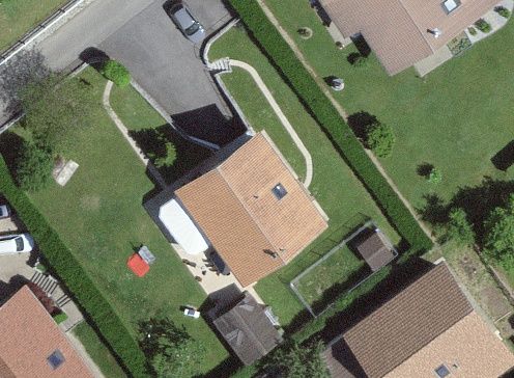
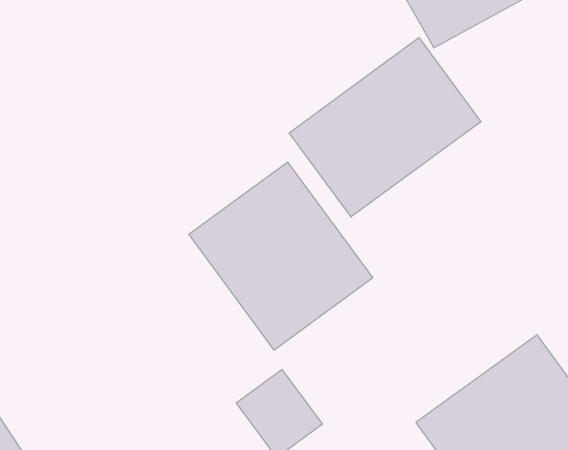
building: none -> [289,38,481,217]

